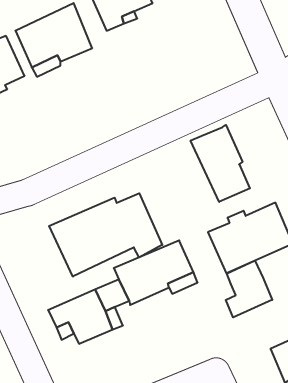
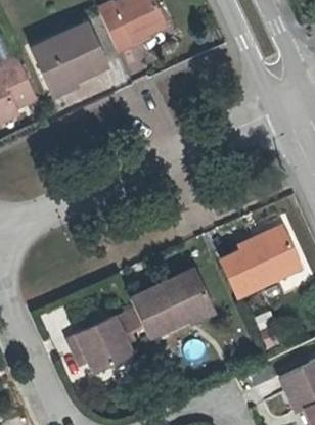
building: [191,125,250,202] -> none
building: [49,193,162,277] -> none
building: [226,261,272,317] -> none

